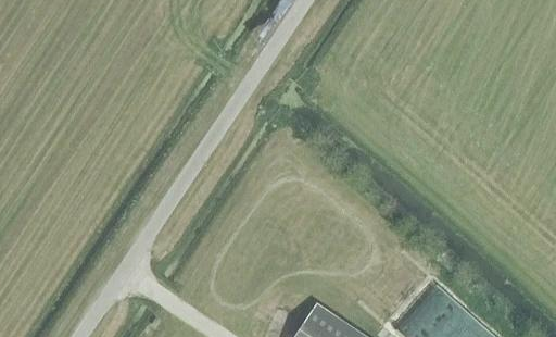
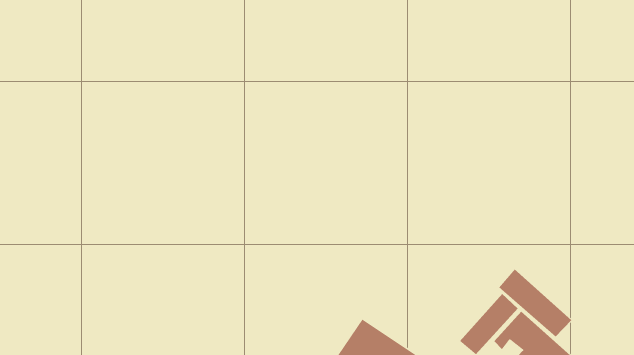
building: none -> [498,269,572,338]

